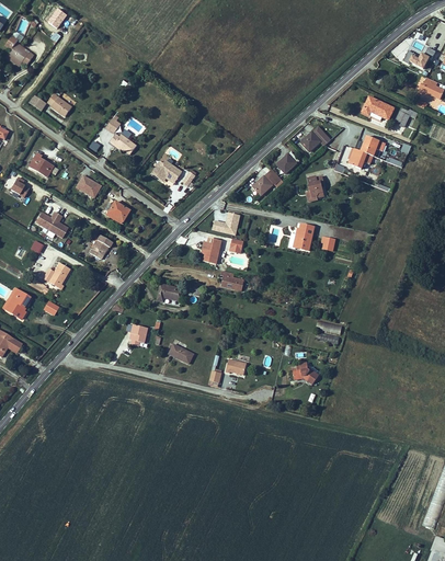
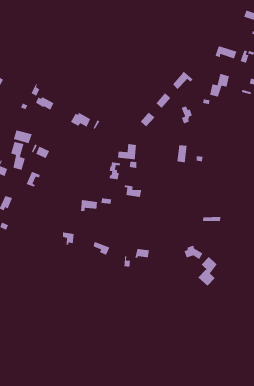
building: none -> [10,141,26,171]
building: none -> [197,256,218,286]

